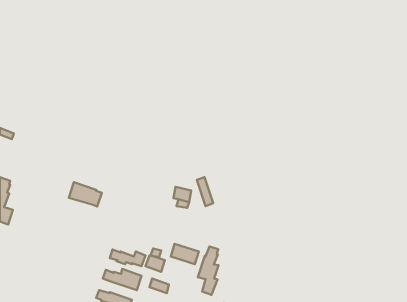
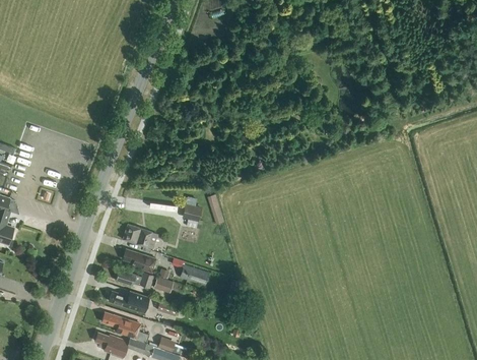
building: [69,182,102,206] -> [123,224,157,249]
building: none -> [123,250,156,274]
building: [198,247,218,295] -> none

